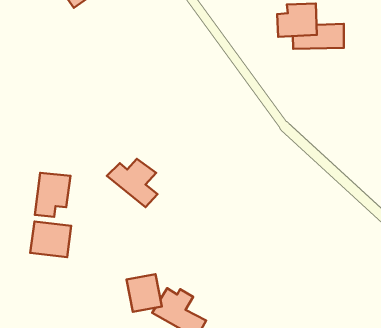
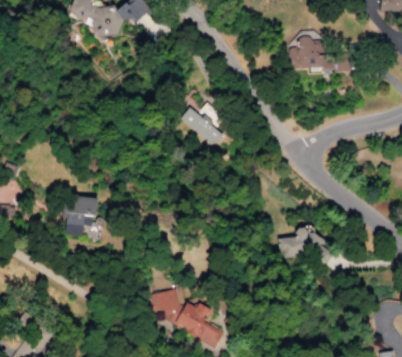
building: [107,159,157,207] -> [176,102,223,147]
building: none -> [280,226,335,265]
building: [30,221,71,257] -> none

